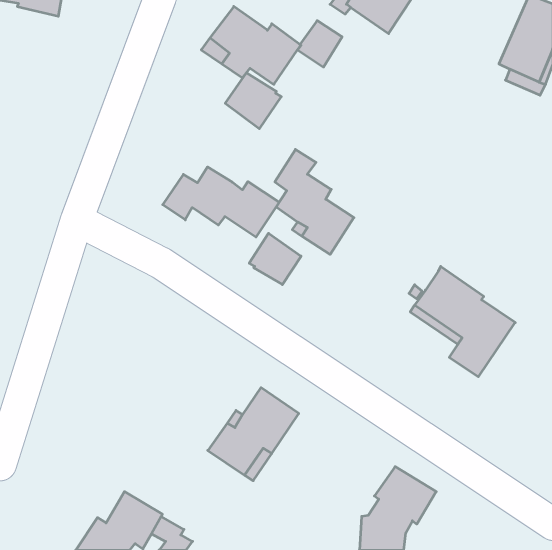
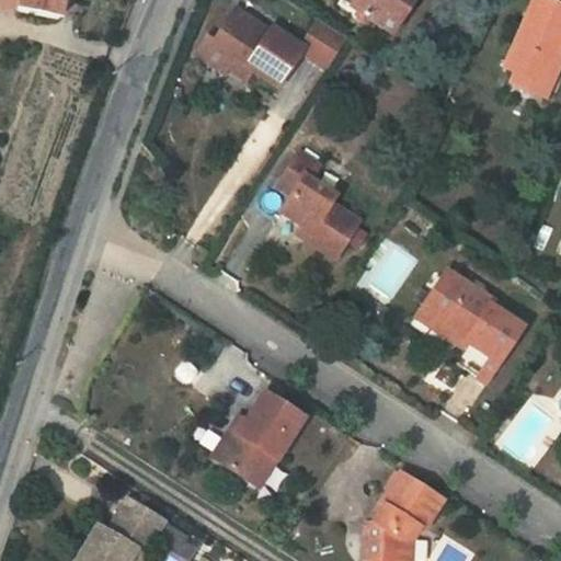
building: [225,73,281,129] -> none
building: [163,167,279,237] -> none
building: [249,233,301,285] -> none

